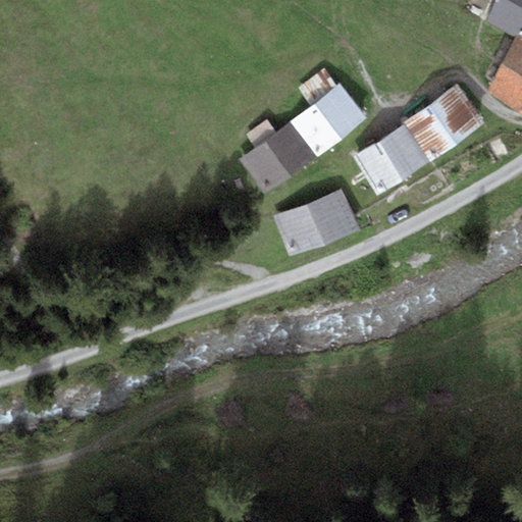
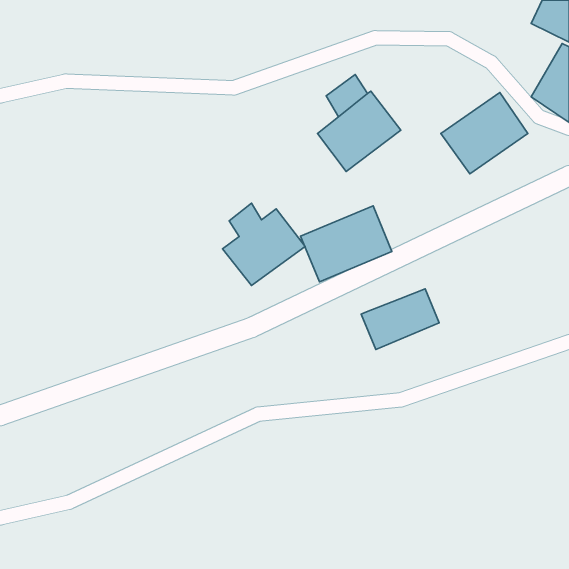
building: [240,118,315,194] -> [223,203,305,286]
building: [358,124,428,193] -> none
building: none -> [361,289,439,350]

